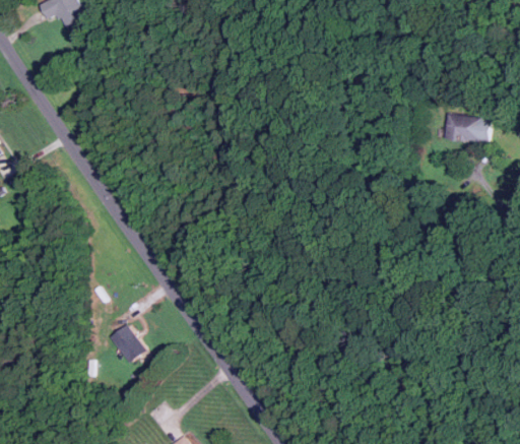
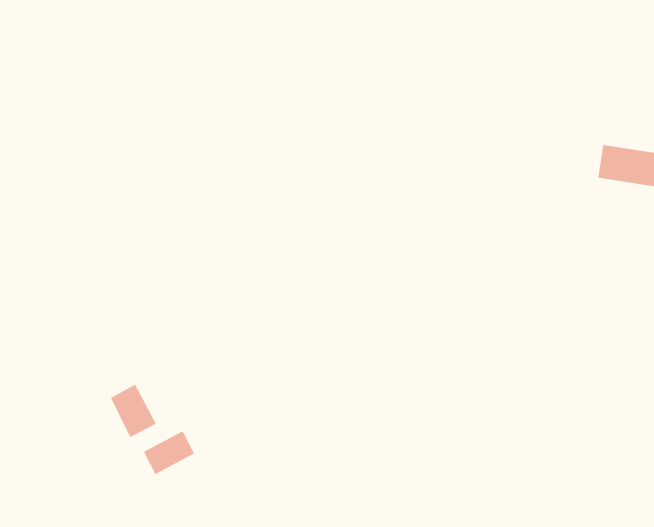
building: none -> [143,431,195,475]

